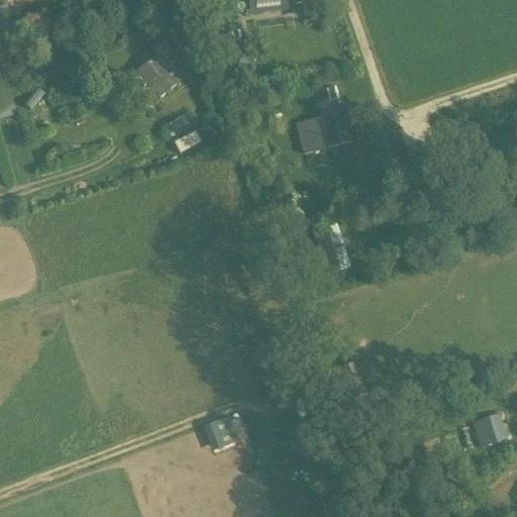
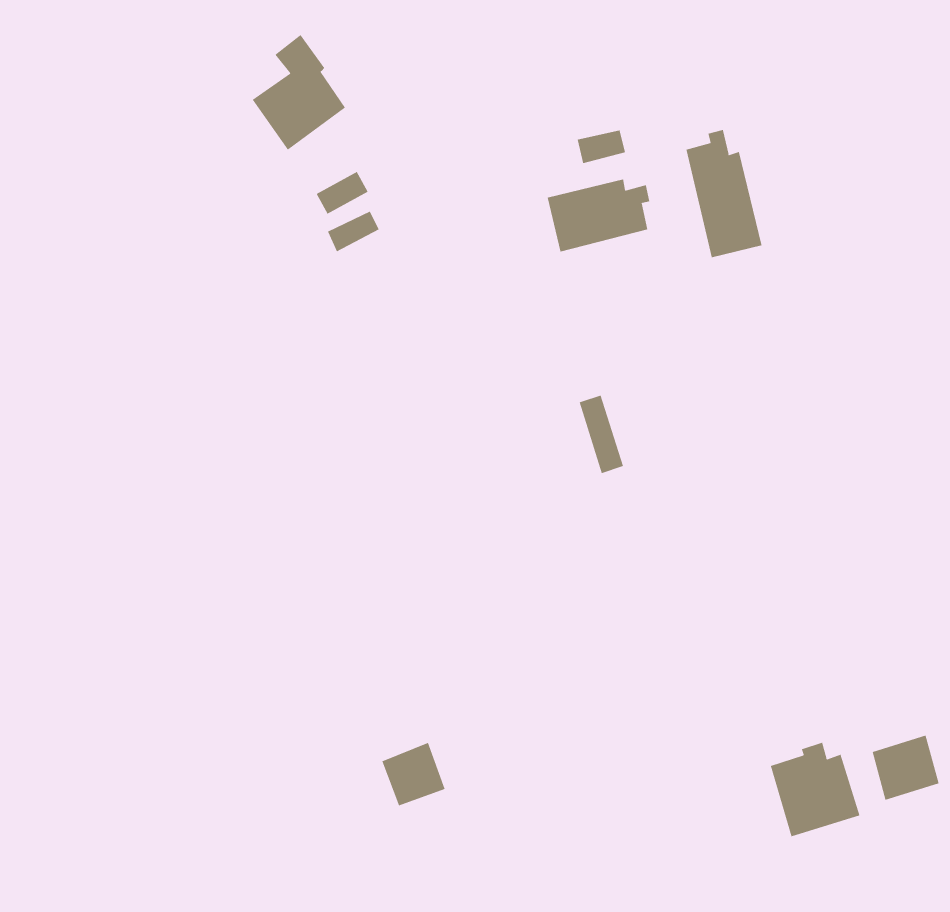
building: none -> [686,129,762,258]
building: none -> [770,742,860,837]

